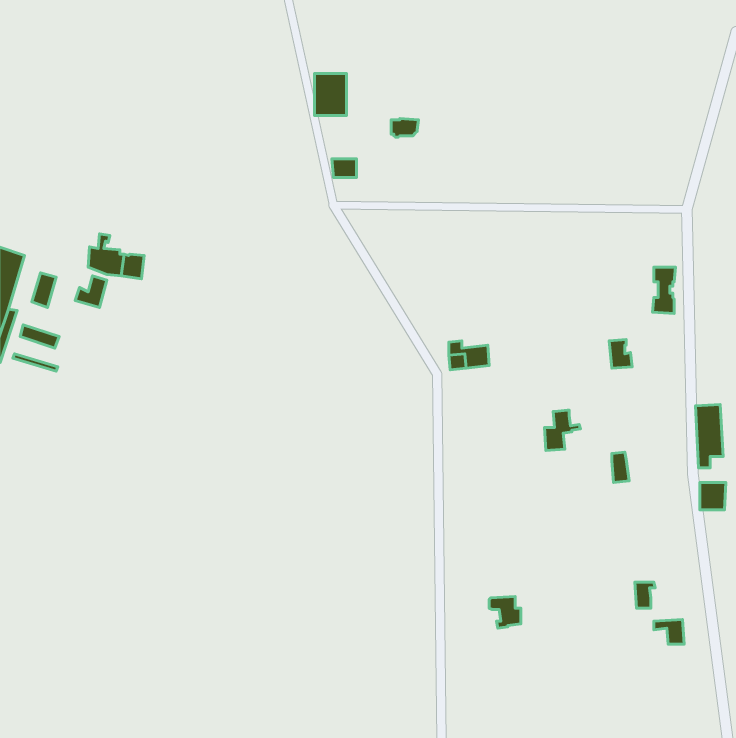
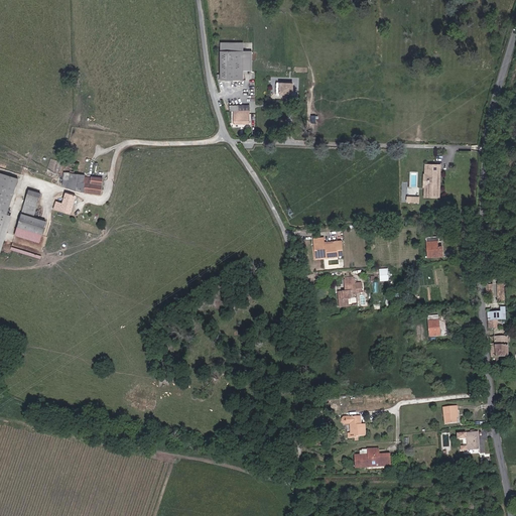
building: [652,267,676,314] -> [423,165,439,198]
building: none -> [16,214,45,235]
building: [545,410,581,450] -> [337,279,362,307]
building: none -> [354,448,390,468]

